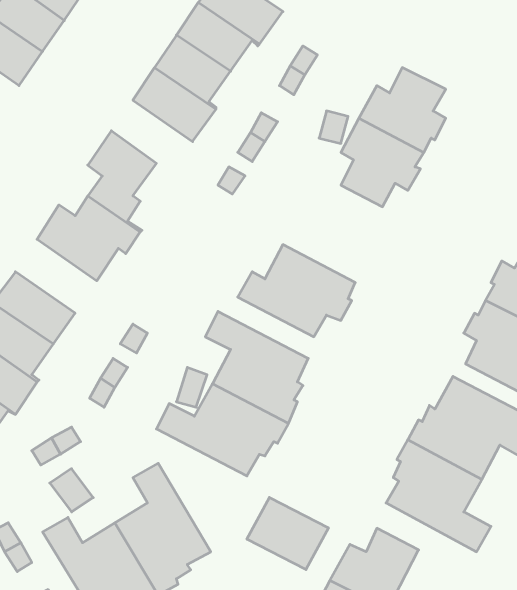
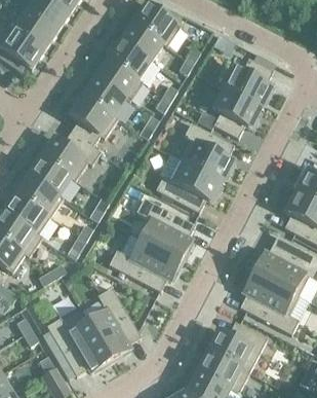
building: none -> [83,78,129,116]
building: none -> [181,123,234,182]
building: none -> [29,157,75,200]
building: [247,497,328,570] -> none

